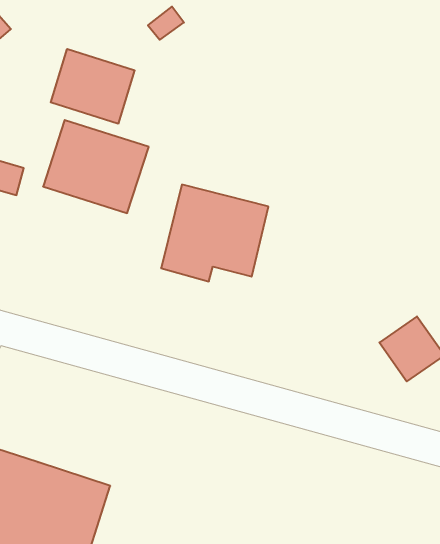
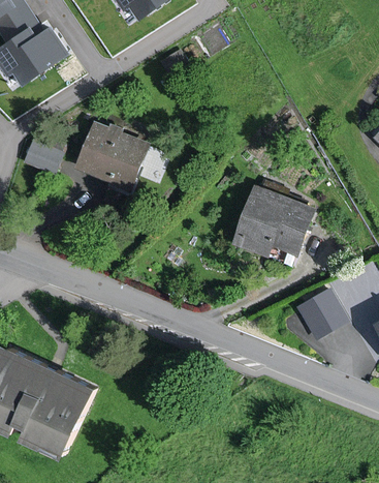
building: [51,49,135,124] -> none
building: [161,185,268,281] -> [232,186,314,258]

